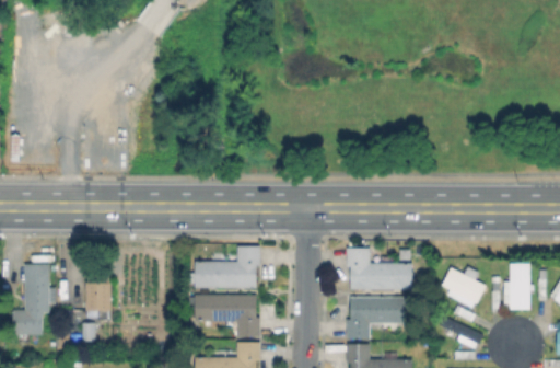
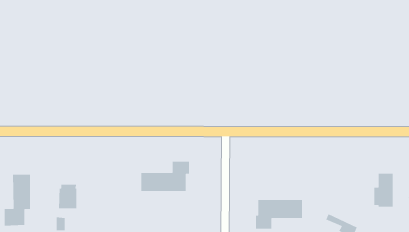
building: [347,248,412,289] -> none
building: [442,267,486,308] -> none
building: [196,296,260,336] -> none

